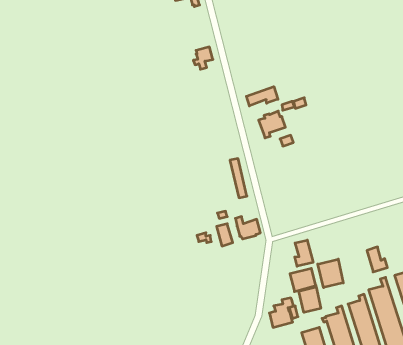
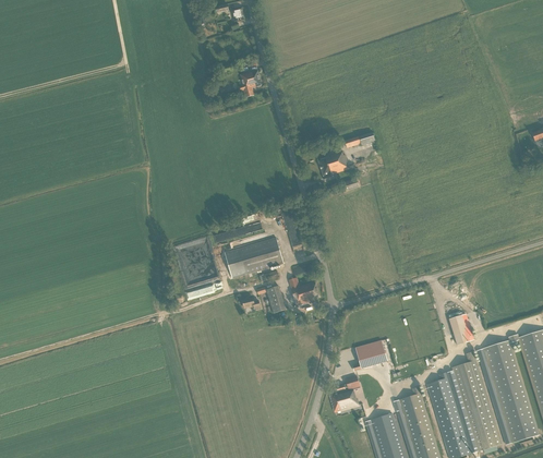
building: [246,87,278,106] -> none
building: none -> [224,237,282,278]
building: [295,240,313,266] -> none
building: [318,259,343,288] -> none
building: [299,287,321,312] -> none

